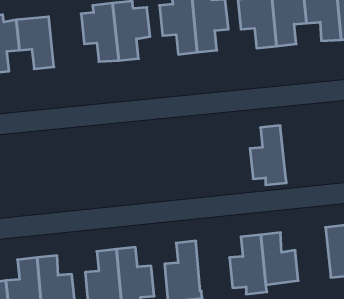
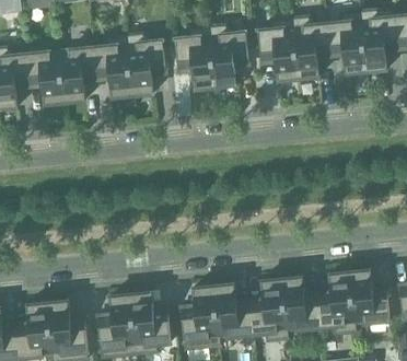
building: none -> [59,47,96,103]
building: [250,126,286,185] -> [317,271,356,334]
building: none -> [213,283,252,338]

